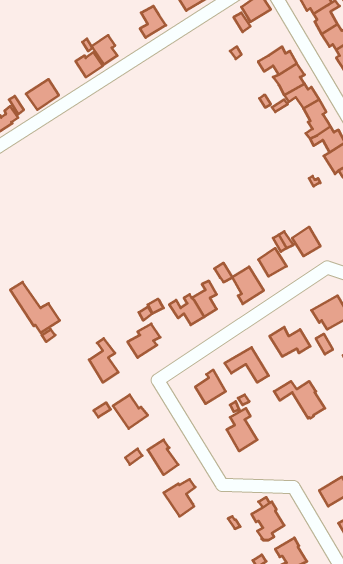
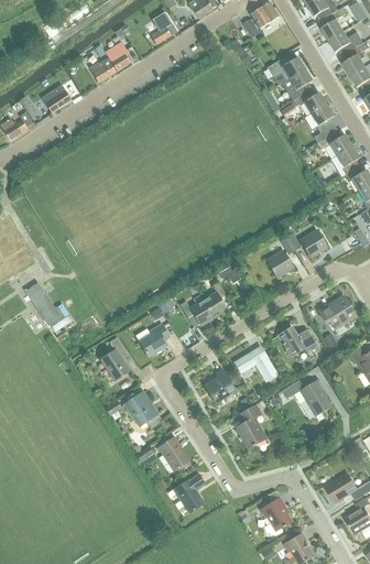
building: [232,267,264,304] -> none

